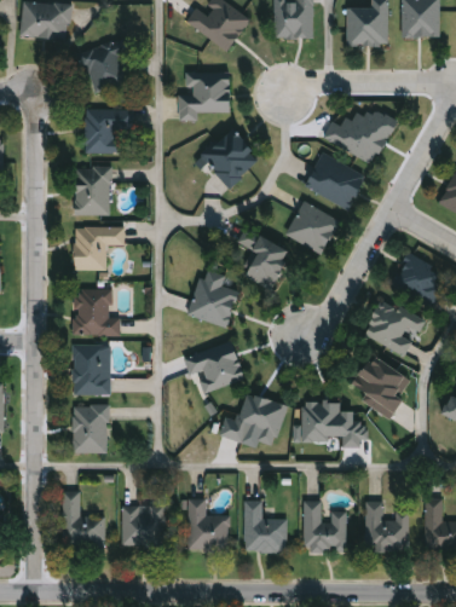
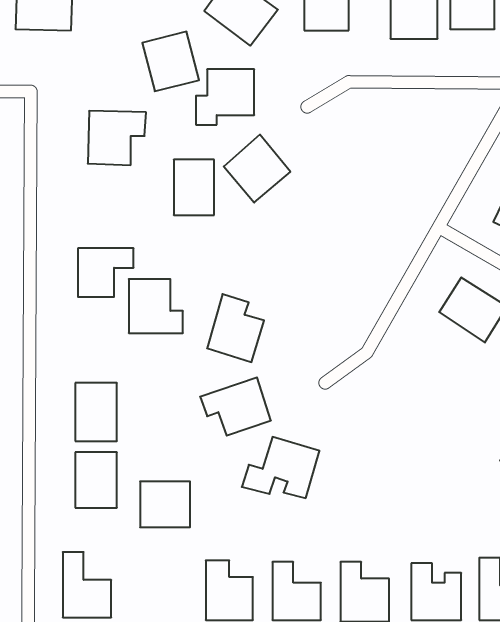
building: [82,39,132,91] -> [142,32,199,91]
building: [321,106,393,163] -> none
building: [304,152,365,209] -> none
building: [75,167,110,215] -> [174,160,214,215]
building: [283,200,339,254] -> none
building: [237,227,290,290] -> none
building: [73,288,120,335] -> [129,279,183,333]
building: [364,299,423,355] -> none
building: [348,355,412,417] -> none
building: [292,401,364,446] -> none
building: [122,505,166,545] -> [140,481,190,527]

